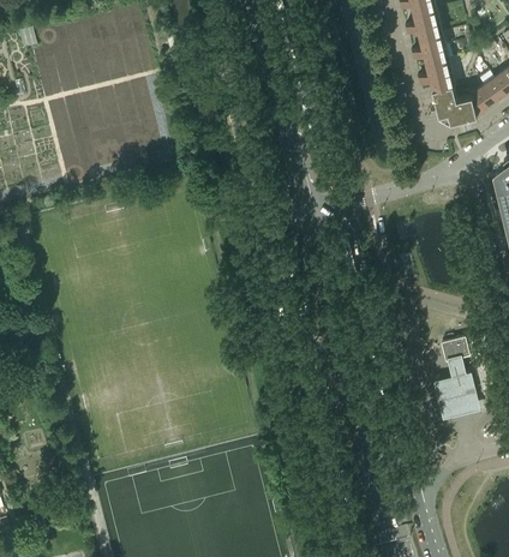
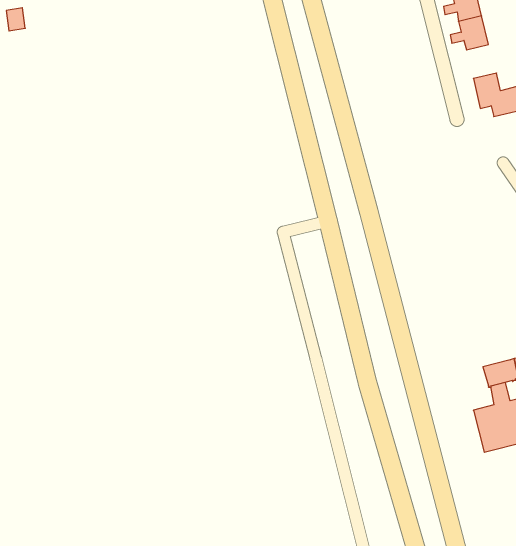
building: [419,60,454,90] -> none

